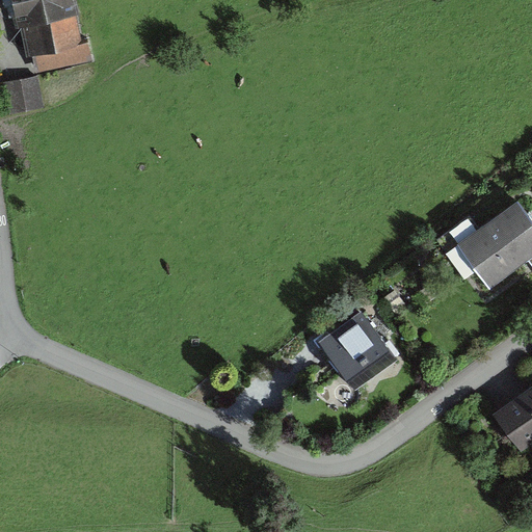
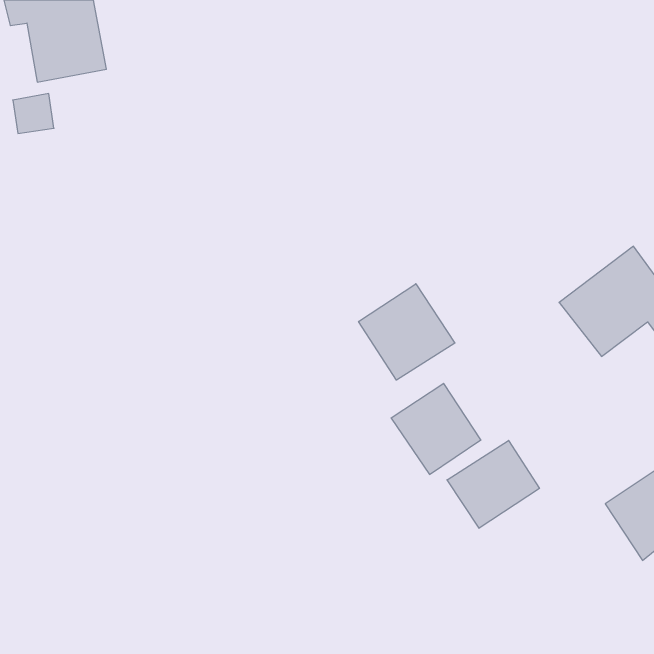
building: none -> [359,284,455,380]
building: none -> [447,440,539,528]

